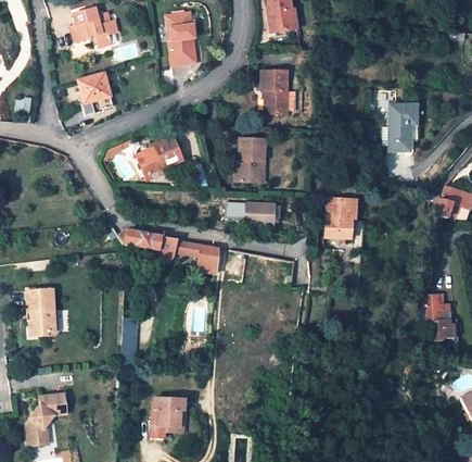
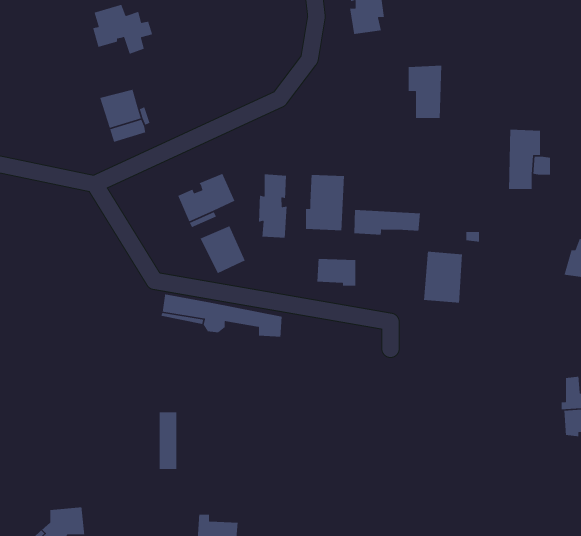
building: [166,13,195,64] -> none
building: [261,71,288,112] -> [408,65,442,119]
building: none -> [258,174,287,238]
building: none -> [354,209,421,236]
building: none -> [199,225,246,274]
building: [26,289,52,336] -> none

